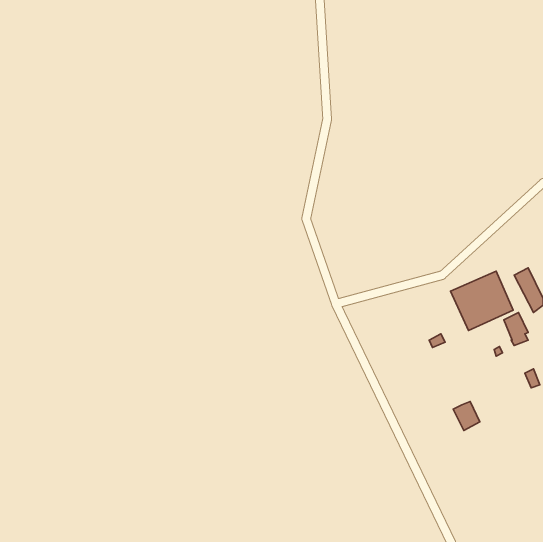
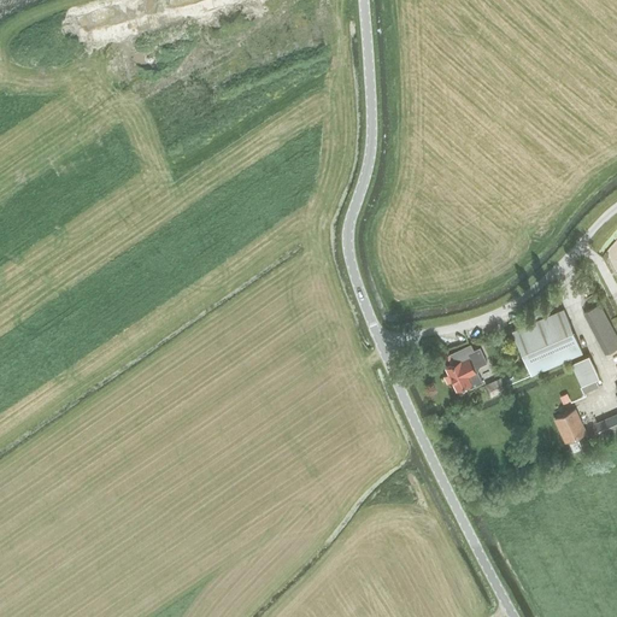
building: none -> [443,345,487,390]
building: [453,402,480,430] -> [554,411,584,443]

